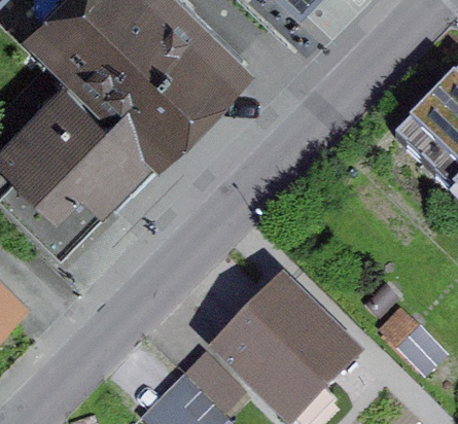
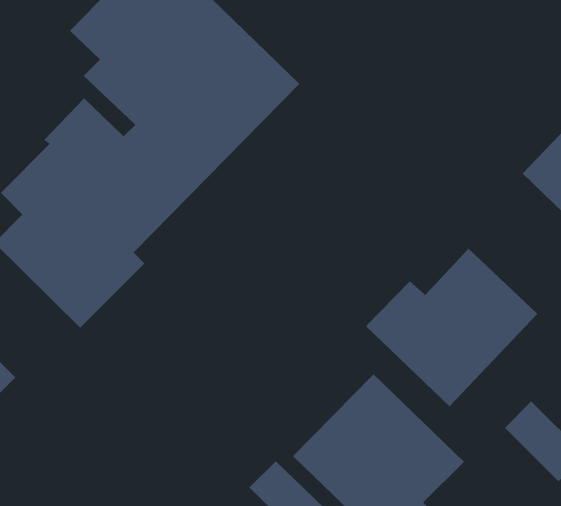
building: none -> [365,248,538,407]

